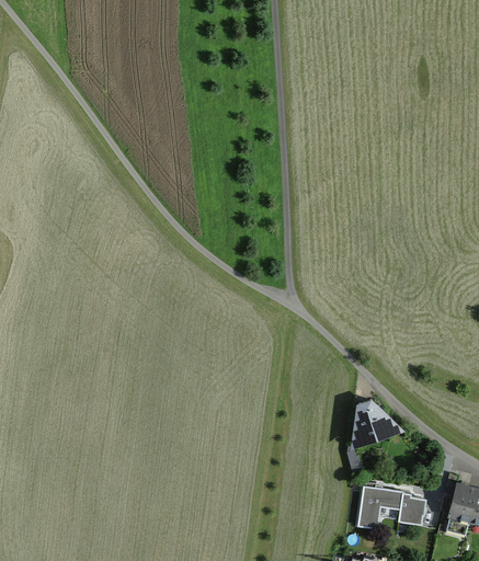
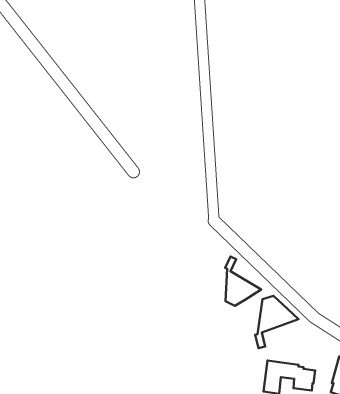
building: none -> [225,256,261,306]

